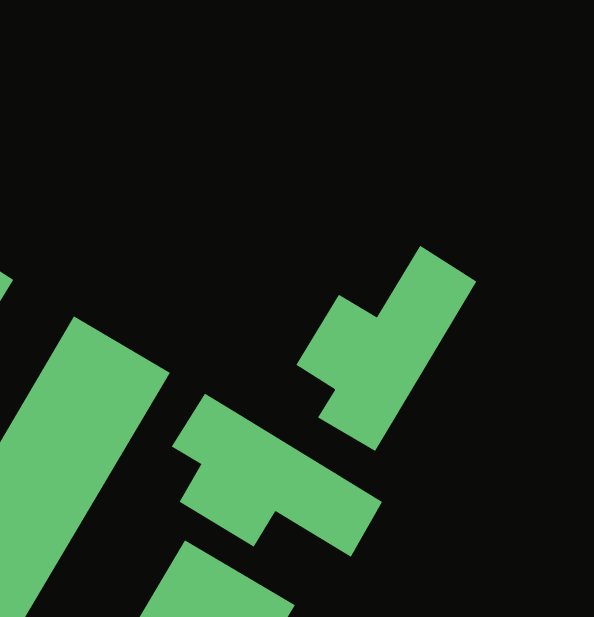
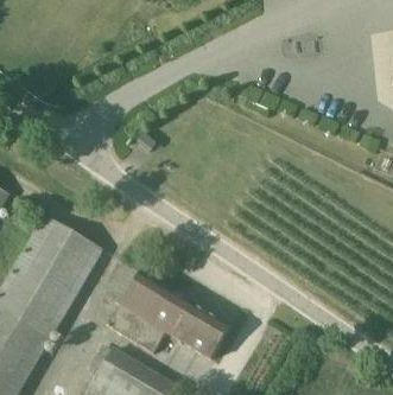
building: [295,245,477,452] -> none

